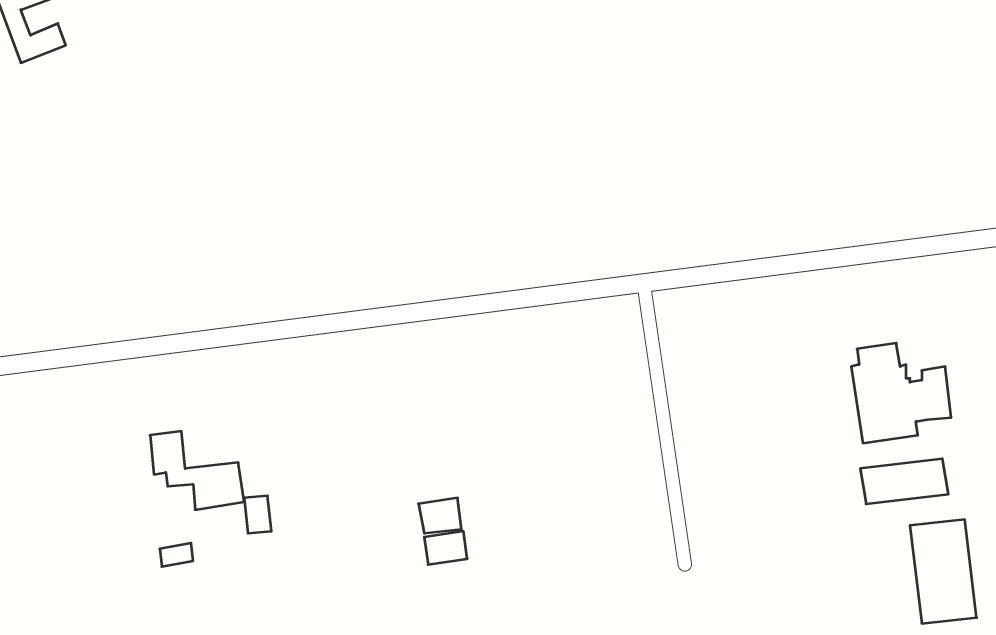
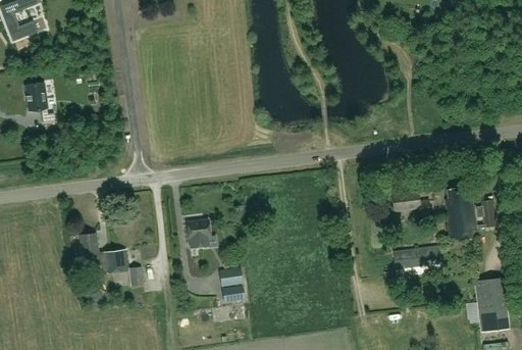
building: none -> [25,84,55,124]
building: none -> [394,191,430,214]
building: none -> [187,219,210,248]
building: [860,459,948,504] -> [394,246,439,269]

